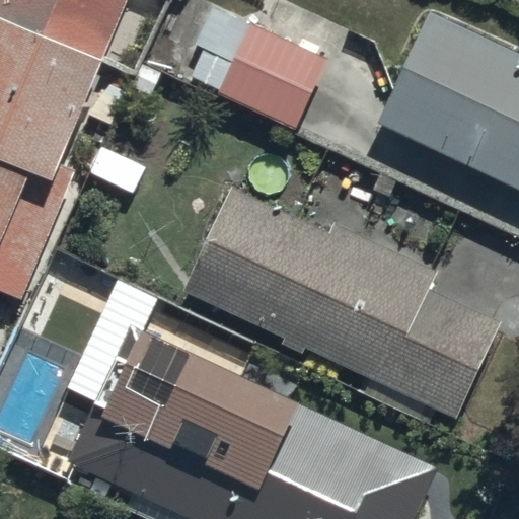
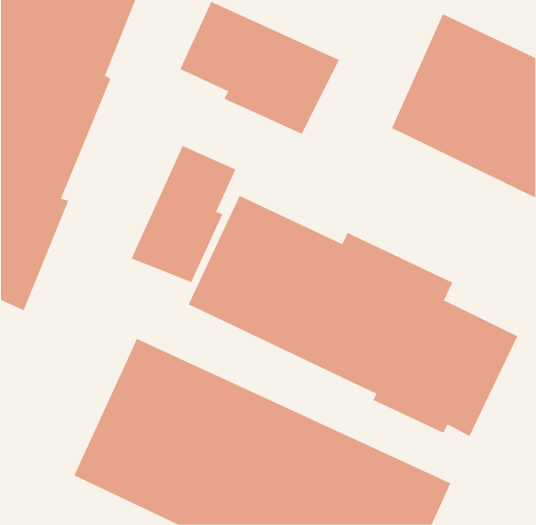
building: none -> [131,145,236,283]

